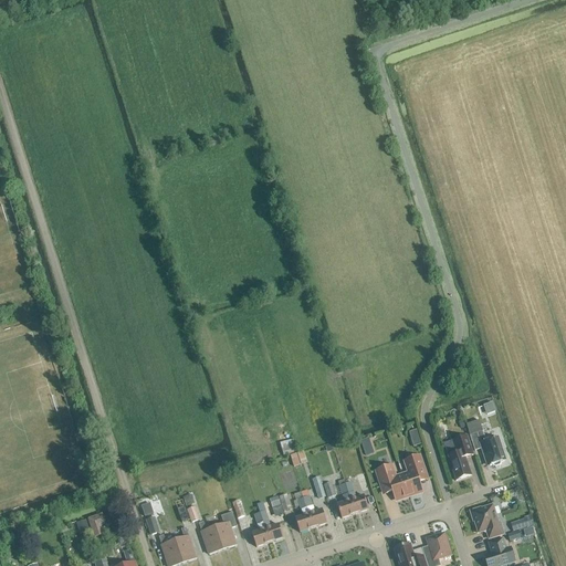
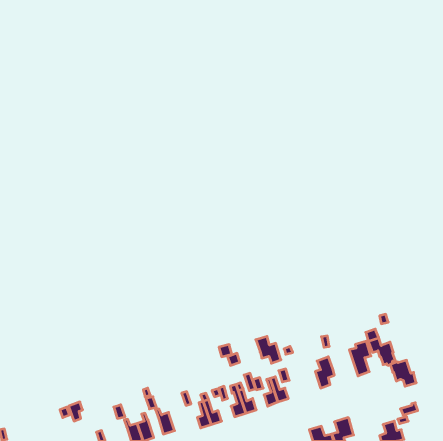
building: [376,464,408,499] -> [256,336,281,363]
building: [470,504,503,537] -> [390,360,416,386]
building: [214,511,237,548] -> none

